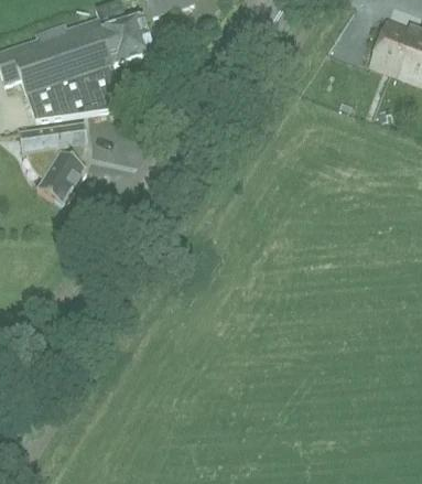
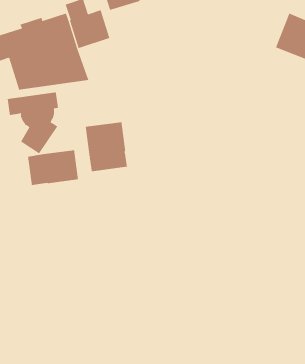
building: none -> [85,121,128,172]
building: none -> [27,149,78,186]

